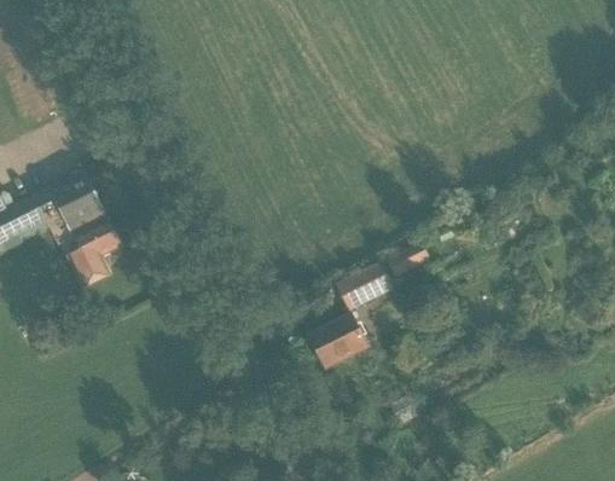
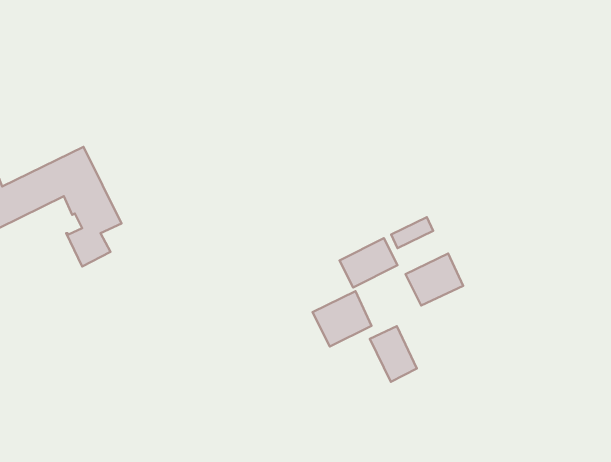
building: none -> [405,253,463,306]
building: none -> [370,326,417,382]

